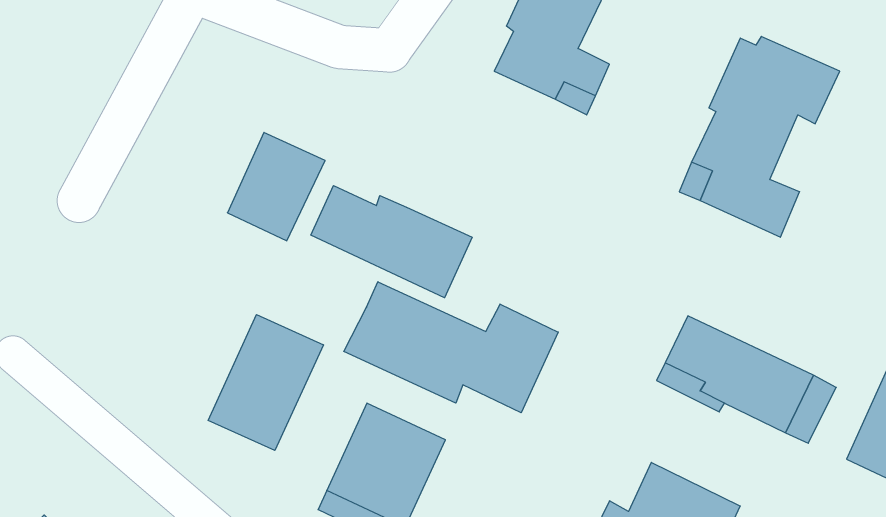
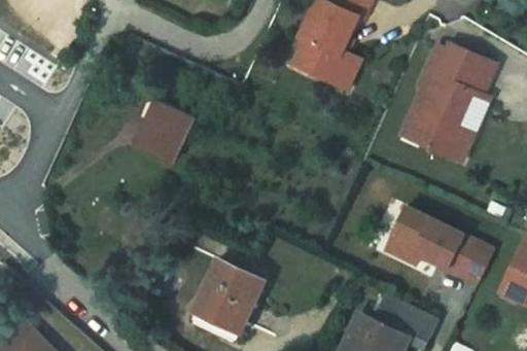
building: [311,186,472,298] -> none
building: [344,282,558,413] -> none
building: [208,315,323,450] -> none

